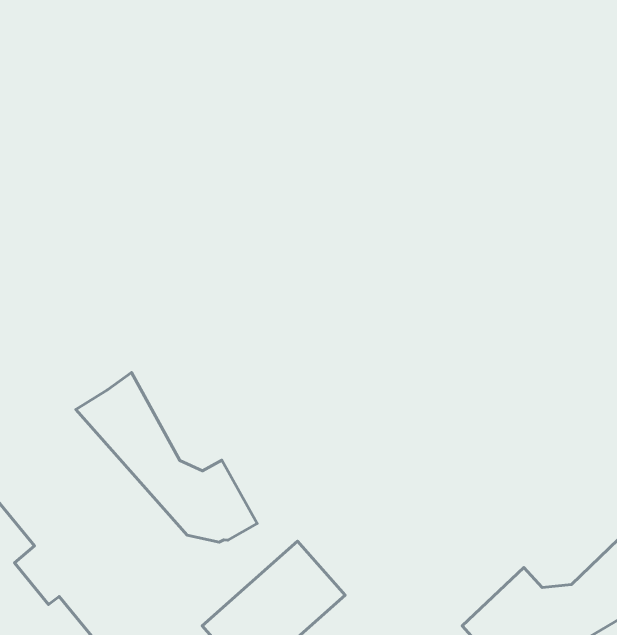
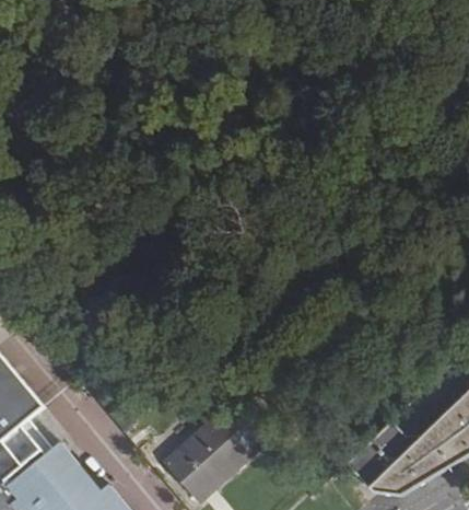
building: [76,373,257,542] -> none

